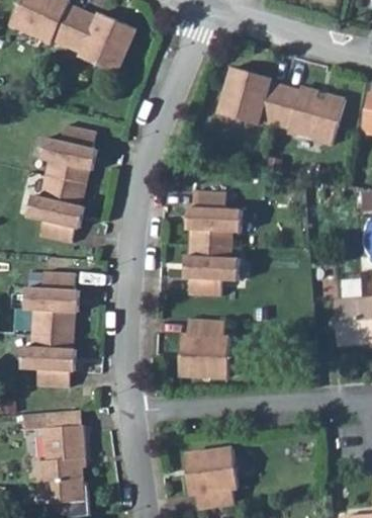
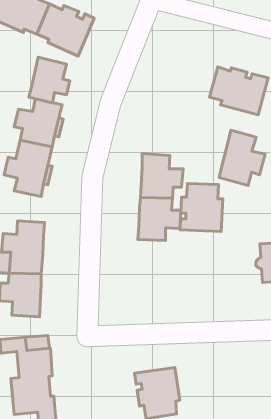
building: [218,66,283,123] -> none
building: none -> [29,57,70,103]
building: none -> [219,130,265,186]
building: [178,319,229,376] -> [180,184,223,232]

